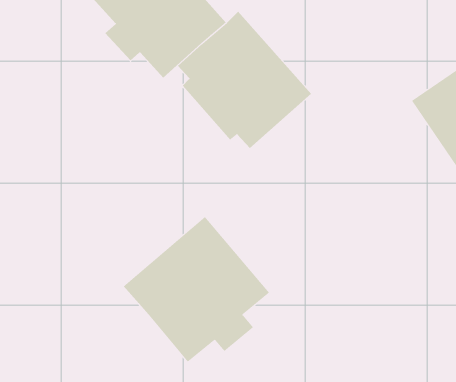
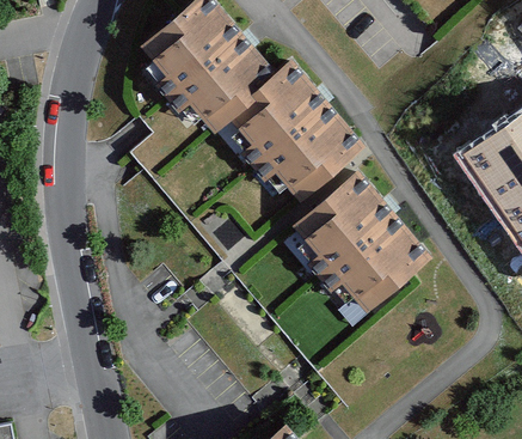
building: none -> [291,169,428,309]
building: [123,216,270,363] -> none

